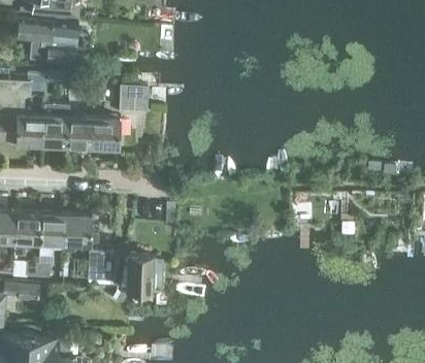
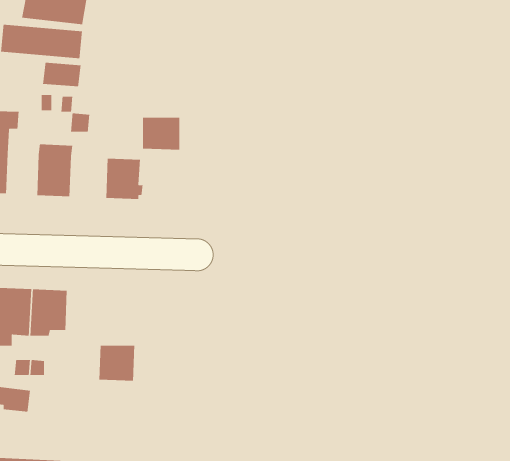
building: [21,113,43,144] -> none
building: [67,116,94,146] -> none
building: [64,213,97,252] -> none
building: [126,255,163,290] -> none

